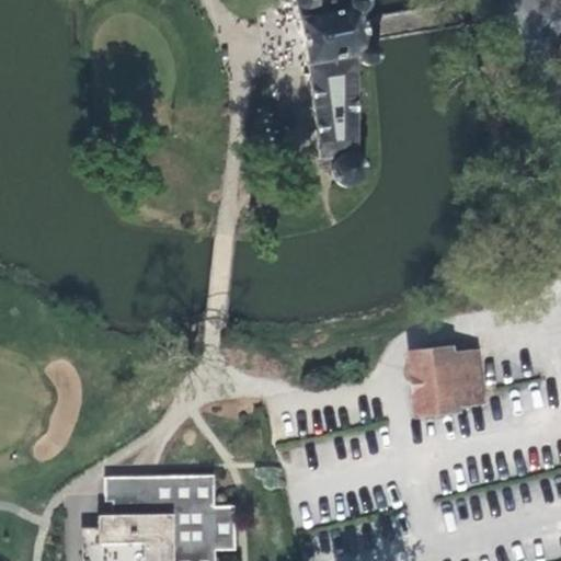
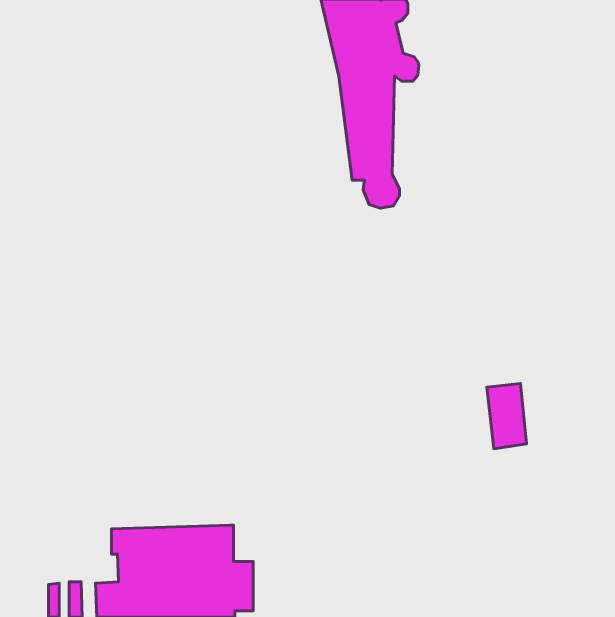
building: [410,348,450,413] -> none

